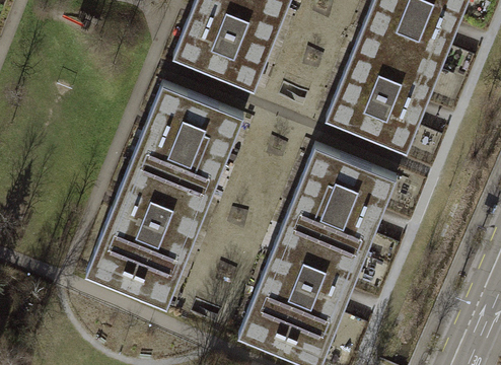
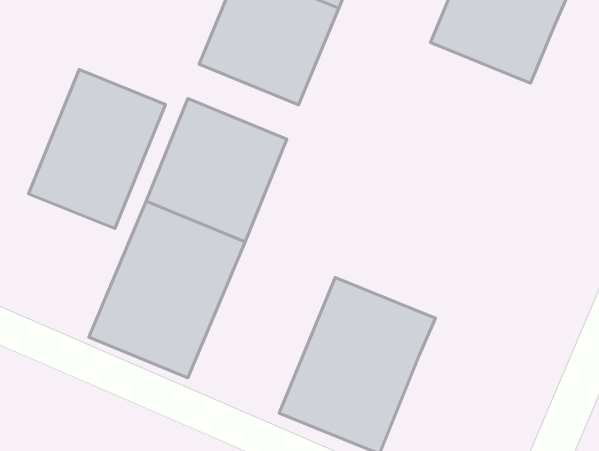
building: [327,38,439,150] -> none
building: none -> [28,70,166,229]
building: [283,145,396,258] -> none

